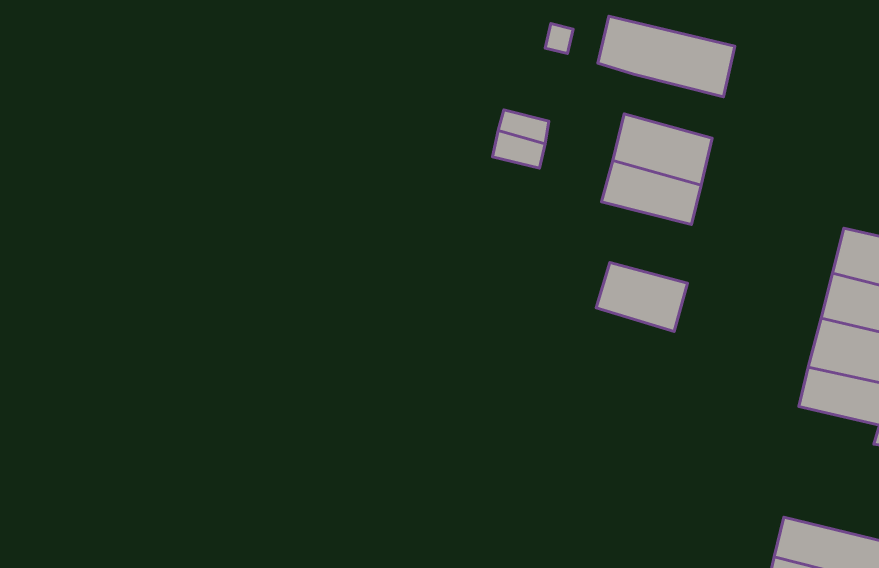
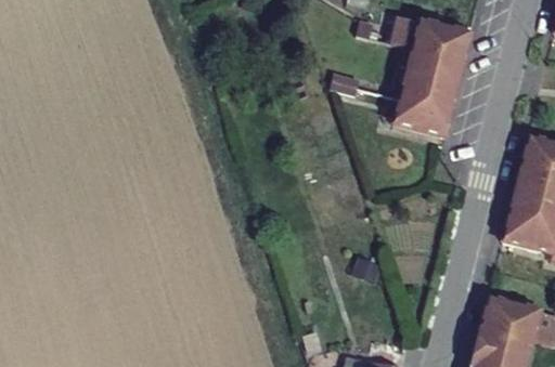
building: none -> [403,47,461,83]
building: [596,263,687,332] -> none

